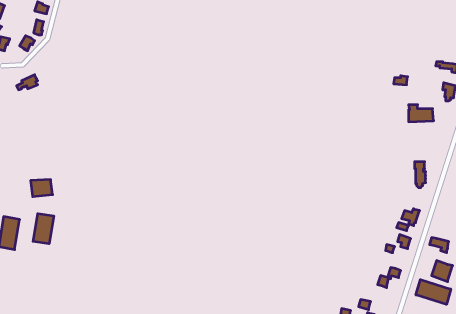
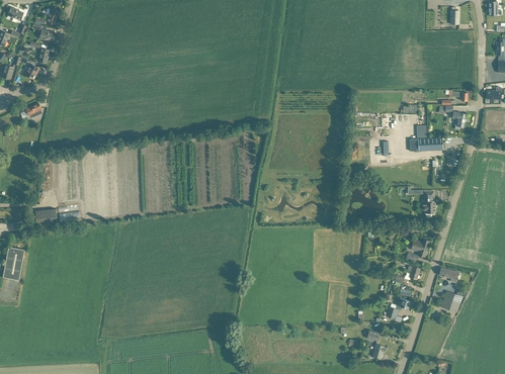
building: [33,214,54,244] -> none
building: [416,280,451,304] -> none

